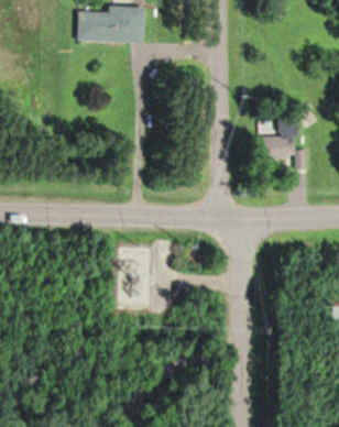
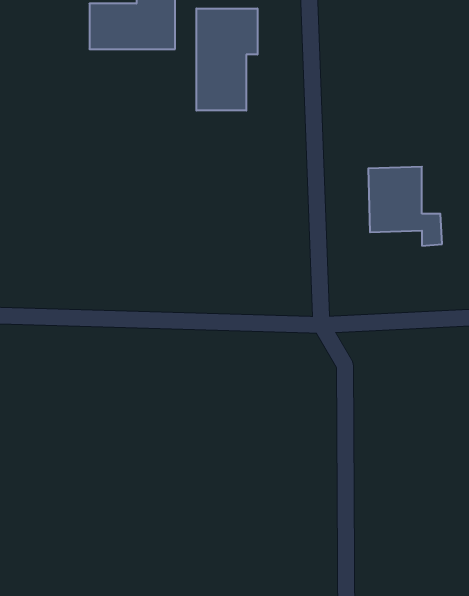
building: none -> [196,8,257,111]

